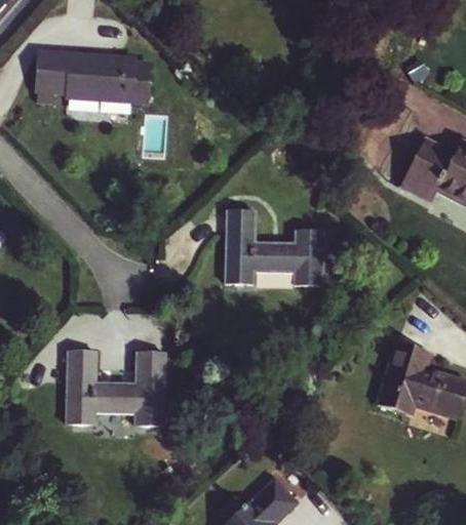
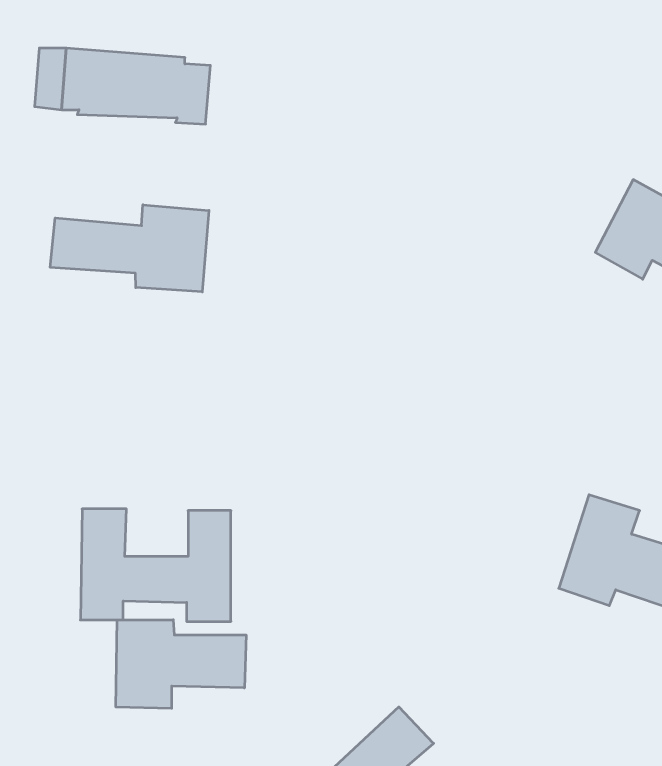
building: none -> [50,205,209,292]
building: [226,210,323,284] -> none
building: none -> [116,620,246,708]

